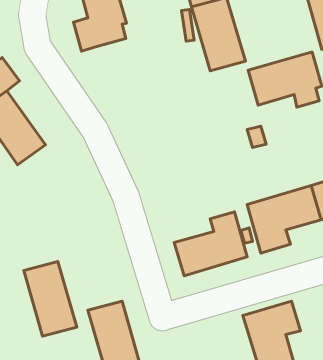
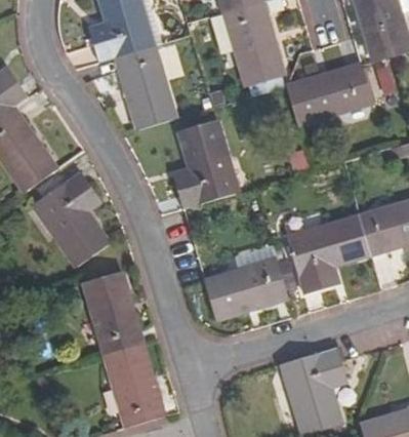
building: none -> [116,46,175,129]
building: none -> [173,119,238,209]
building: none -> [34,172,108,268]
building: [24,261,77,336] -> [84,272,145,357]

